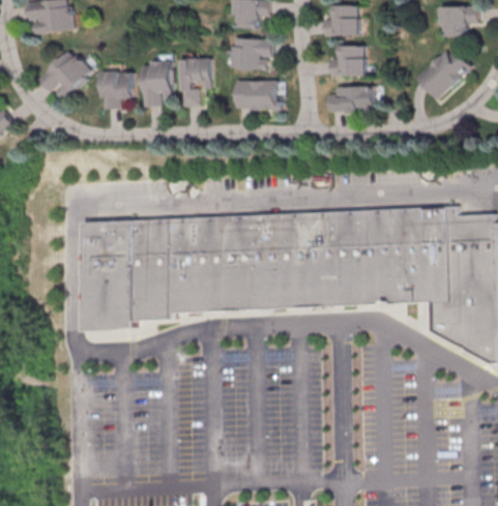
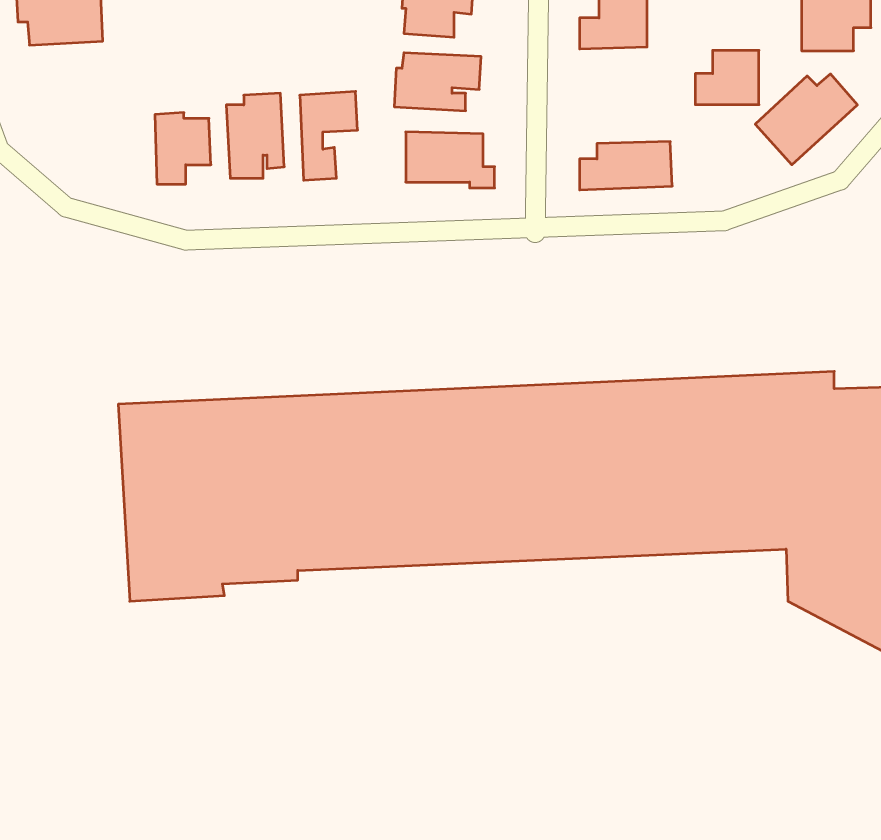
building: [333,44,368,73] -> [695,50,759,105]
building: [35,49,89,97] -> none

